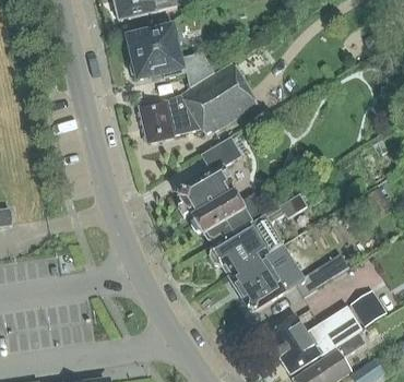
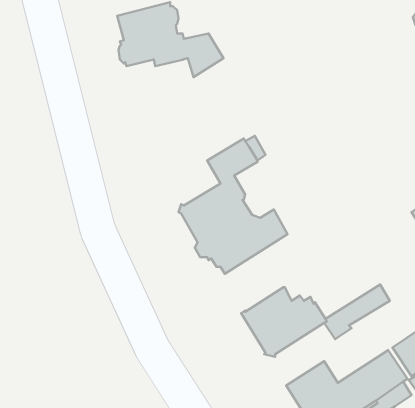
building: [139,62,257,142] -> none
building: [209,192,307,275] -> none

